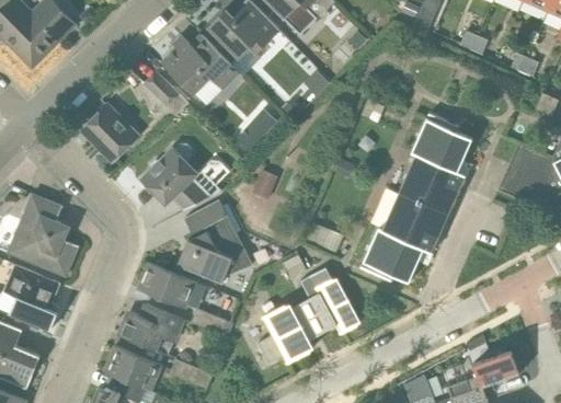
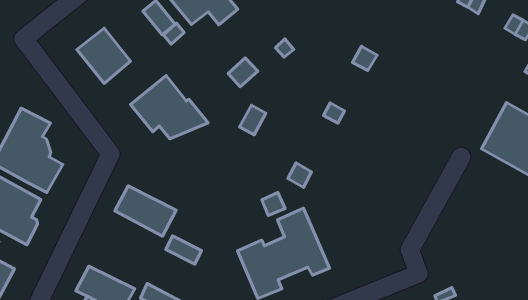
building: [362,114,472,283] -> none
building: [178,199,251,284] -> none
building: [119,304,185,355] -> none

